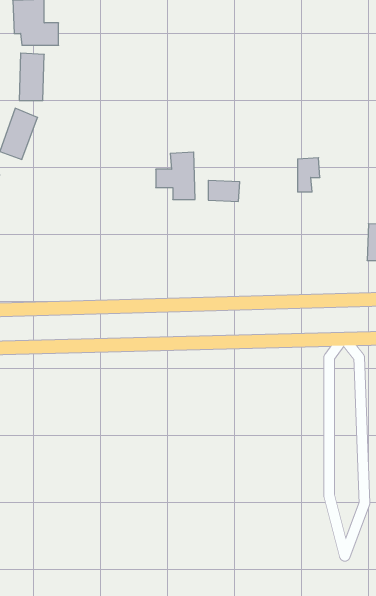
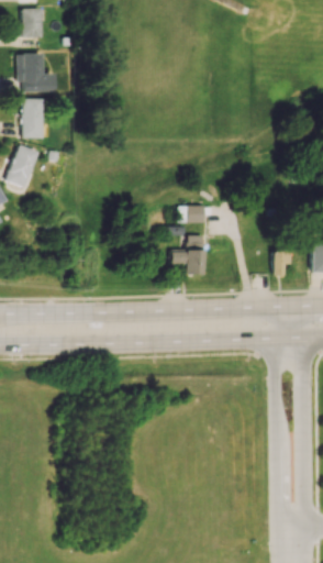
building: [156,152,195,199] -> [172,235,205,275]
building: [298,158,320,192] -> [274,247,292,276]

